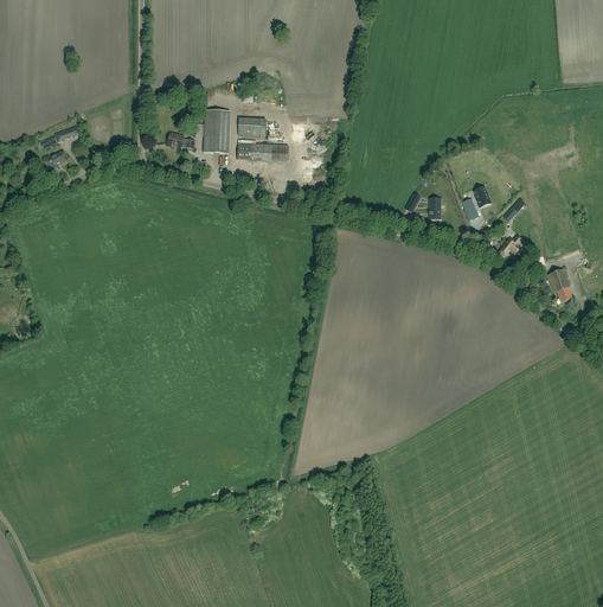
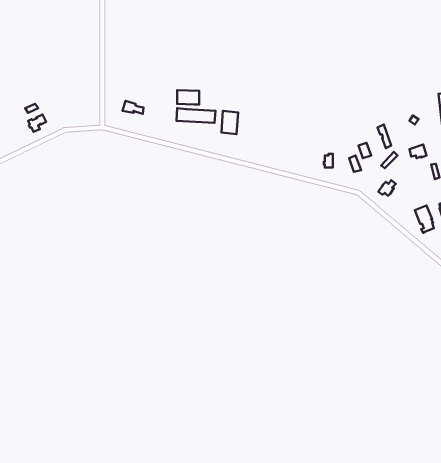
building: [204,109,230,153] -> none
building: none -> [221,111,238,134]

